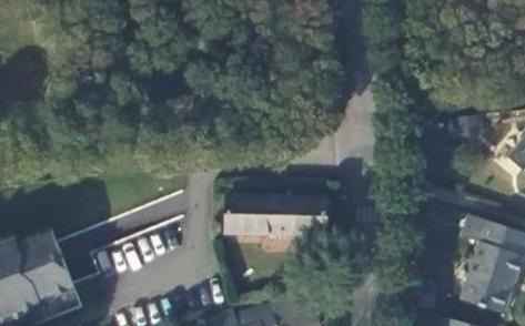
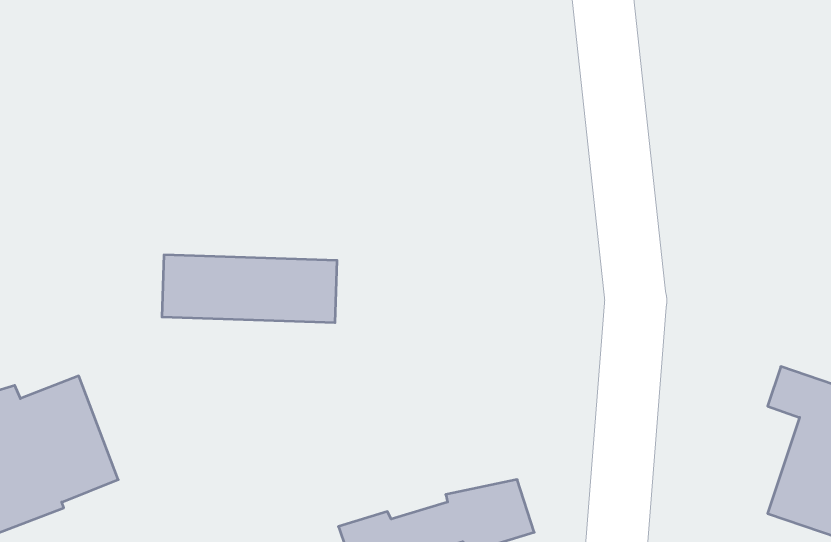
building: [226,192,330,232] -> [162,255,337,323]

